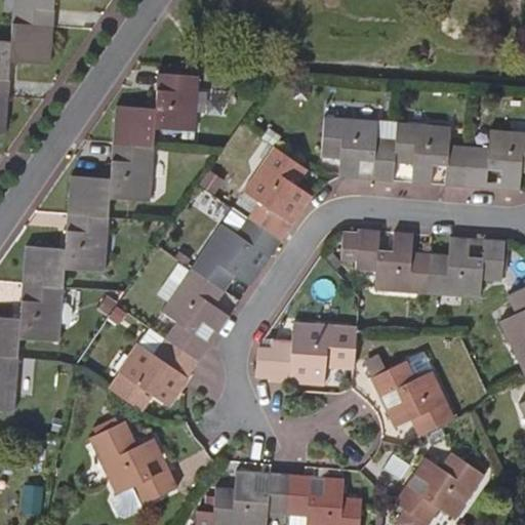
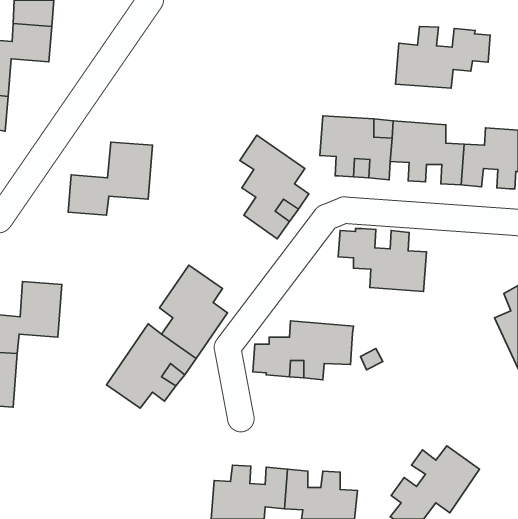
building: none -> [396,26,490,88]
building: [112,74,198,147] -> none
building: [191,207,280,291] -> none
building: [23,214,108,287] -> none
building: [428,237,503,298] -> none
building: [371,363,456,437] -> none
building: [90,420,180,518] -> none

